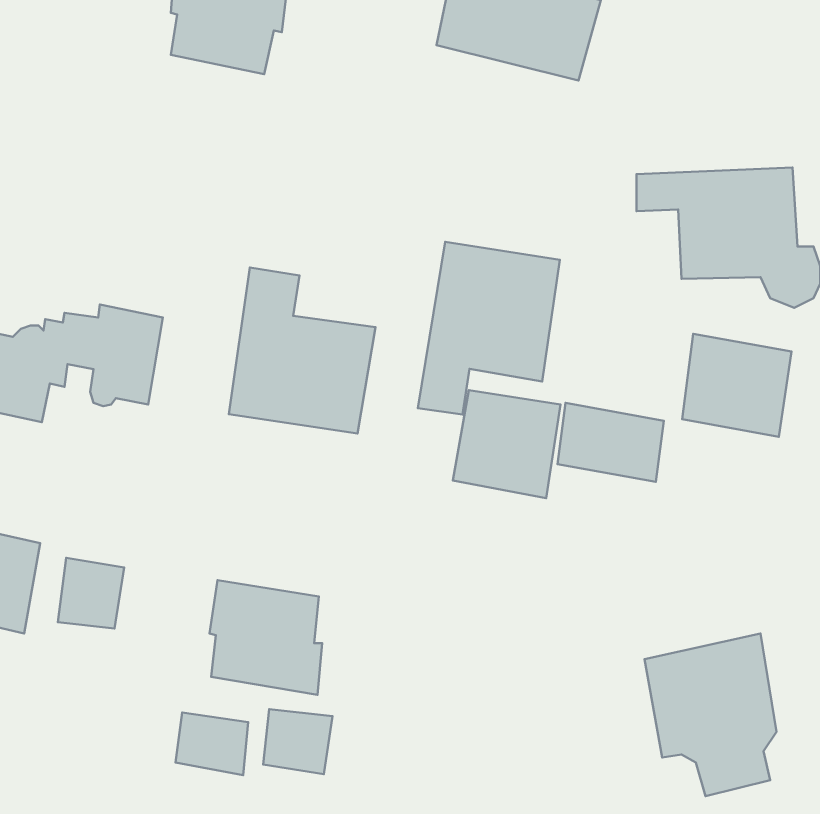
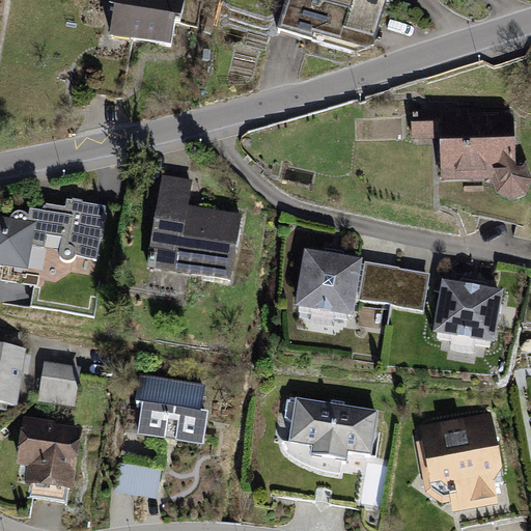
building: [418,242,560,415] -> none
building: [682,334,792,437] -> [431,280,502,346]
building: none -> [289,400,379,460]
building: none -> [17,417,82,491]
building: [263,709,332,774] -> none

